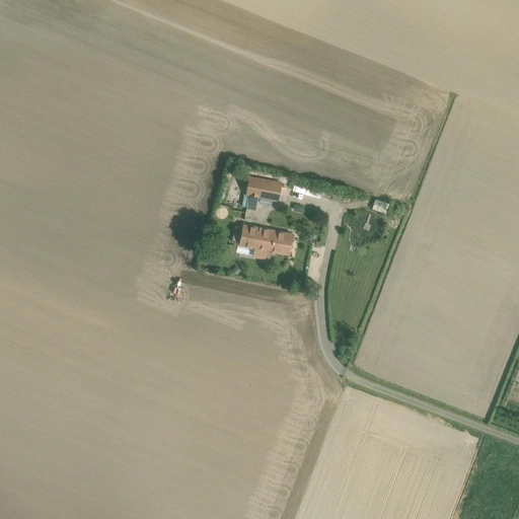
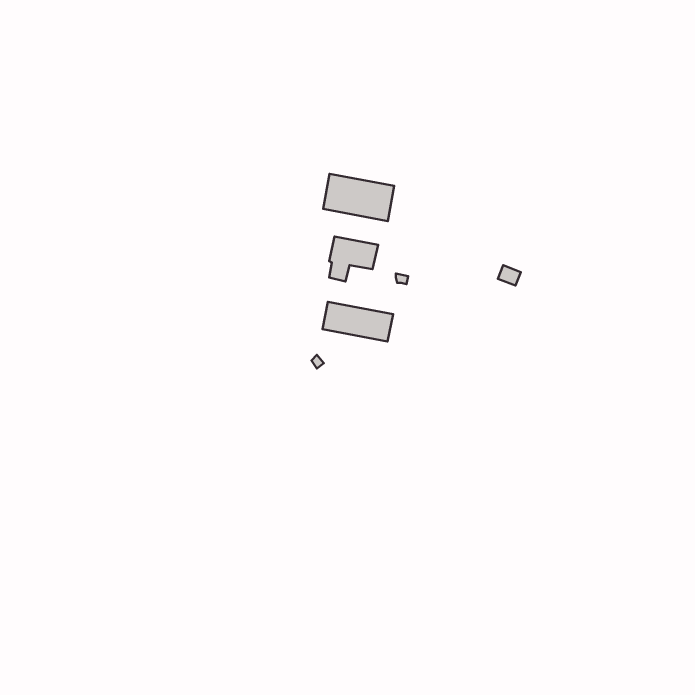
building: none -> [323,174,394,221]

